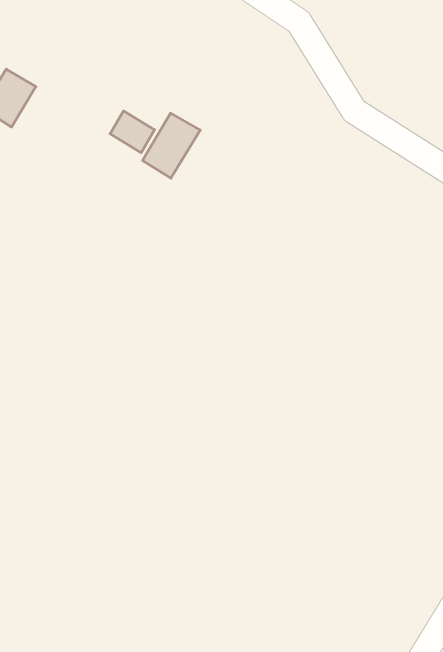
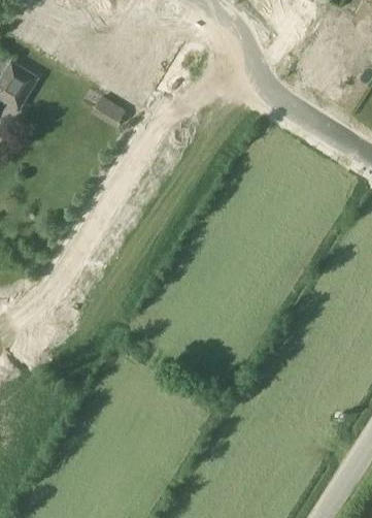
building: [143,113,200,178] -> none

